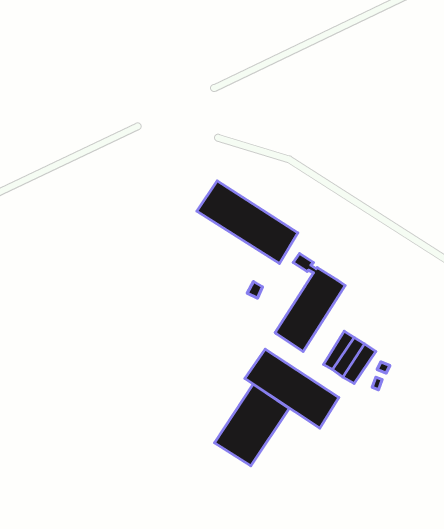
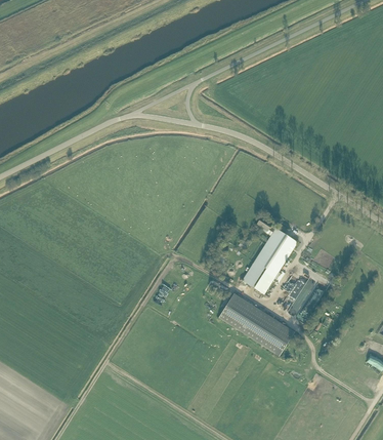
building: [197,181,298,264] -> none
building: [214,384,289,466] -> none

